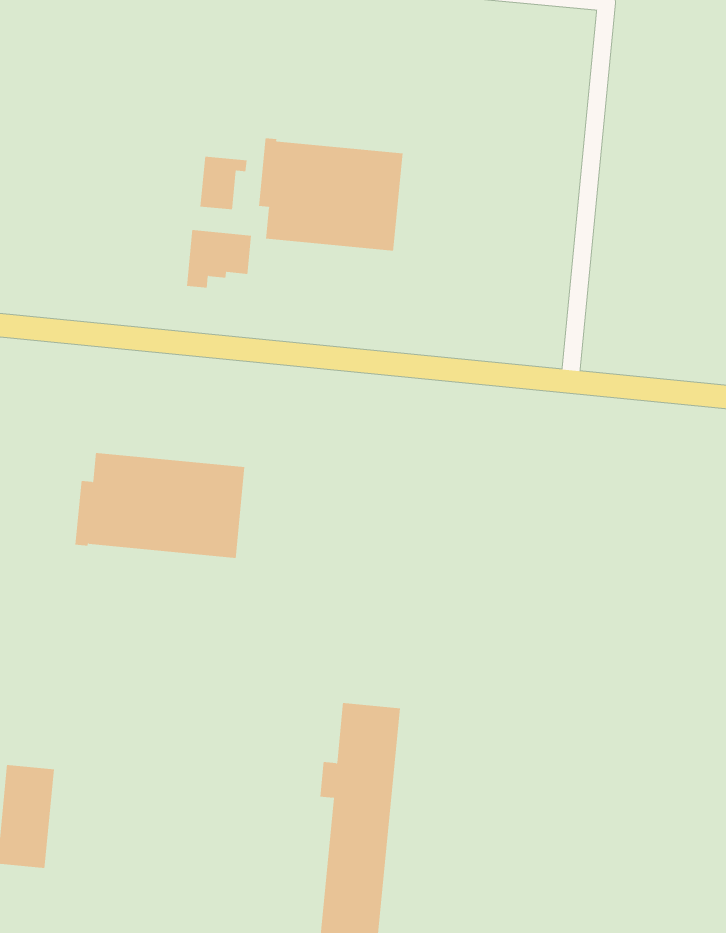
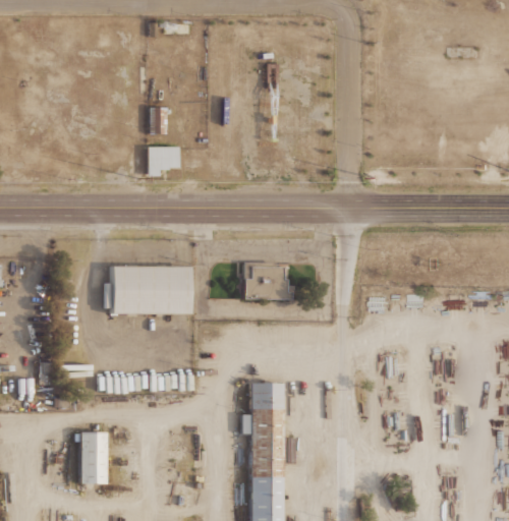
building: [259,138,403,251] -> none
building: none -> [244,263,296,299]

